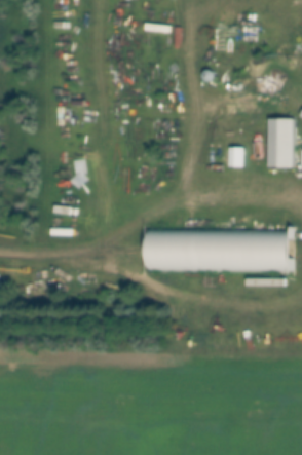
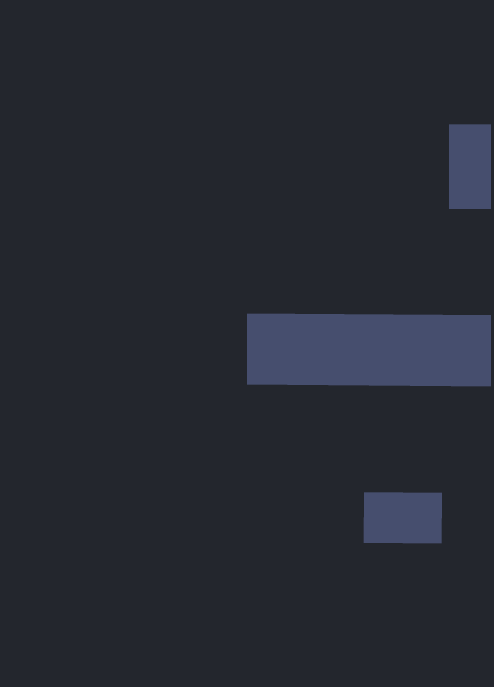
building: none -> [363,492,443,544]

